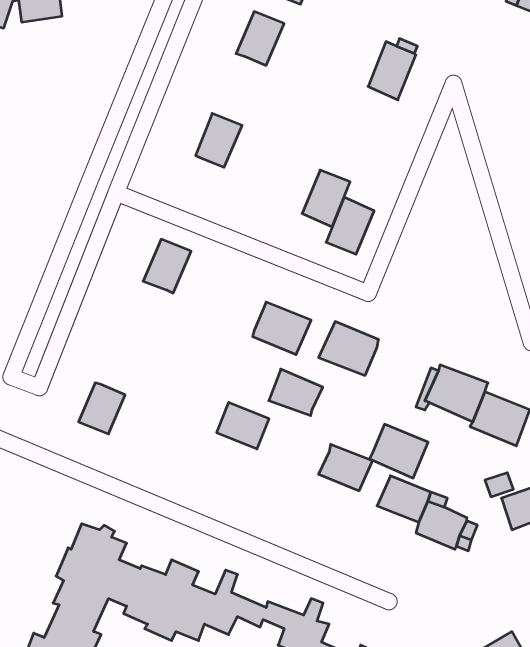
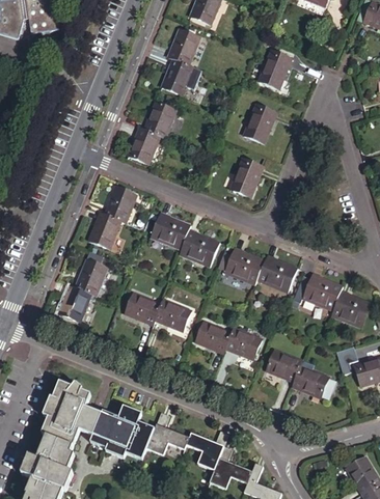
building: none -> [163,58,195,93]
building: none -> [134,129,165,164]
building: [302,170,350,227] -> [244,103,277,142]
building: none -> [150,211,191,248]
building: none -> [88,212,120,247]
building: none -> [75,256,107,295]
building: [269,369,323,416] -> [195,320,233,352]
building: none -> [125,292,161,324]
building: [370,424,428,478] -> [255,259,296,297]

